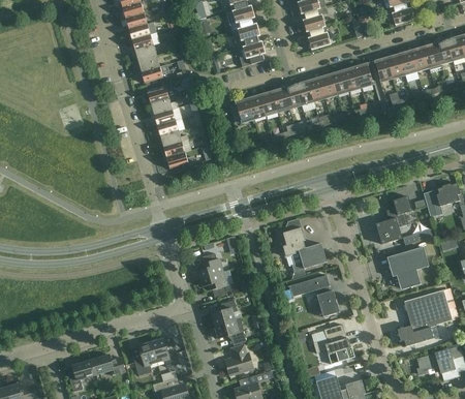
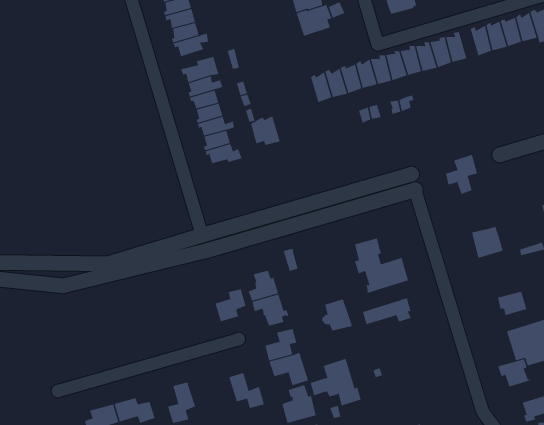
building: [228,98,253,122] -> [249,116,281,145]
building: [385,194,411,226] -> [445,154,478,194]
building: [389,246,428,276] -> none
building: none -> [215,288,246,322]
building: [314,289,339,315] -> [321,299,353,331]
building: [312,323,353,361] -> [310,358,362,406]
building: [150,337,179,366] -> [228,372,265,408]

